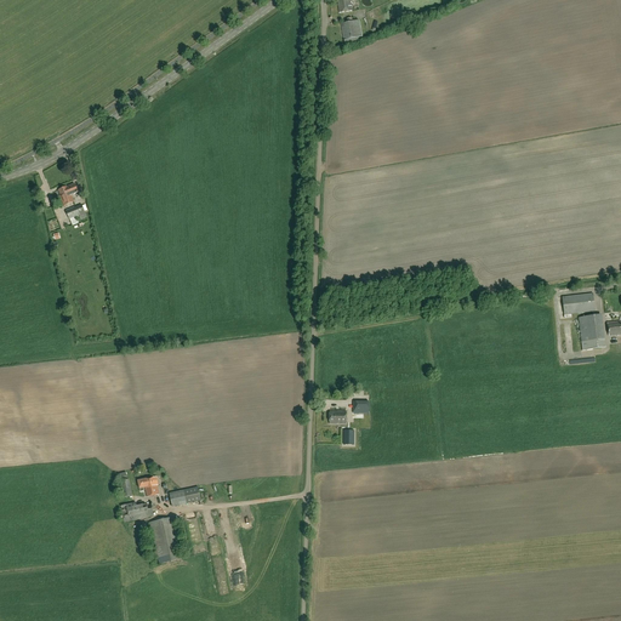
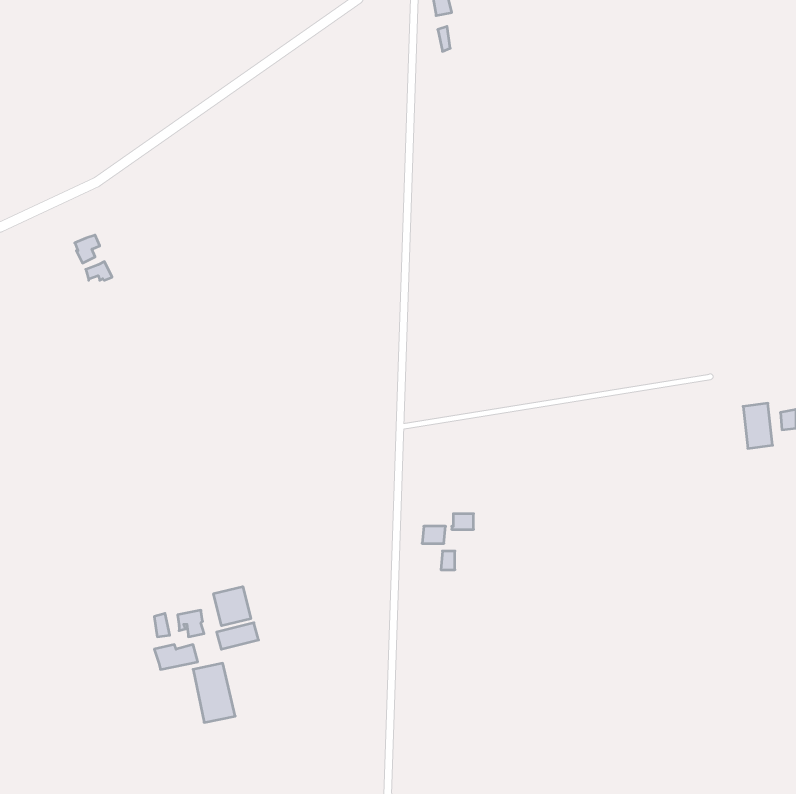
building: [563,292,594,314] -> none
building: none -> [214,587,251,626]

